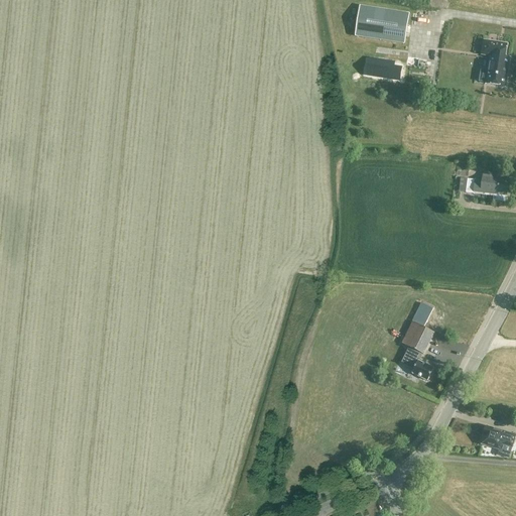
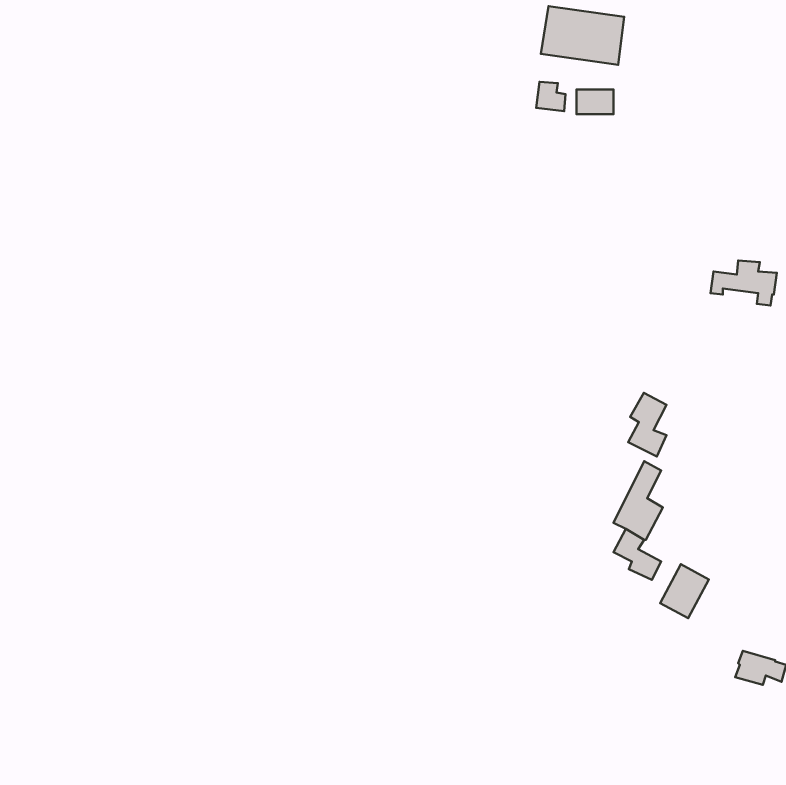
building: [482,39,508,85] -> none
building: none -> [628,393,666,456]
building: none -> [660,564,709,618]

